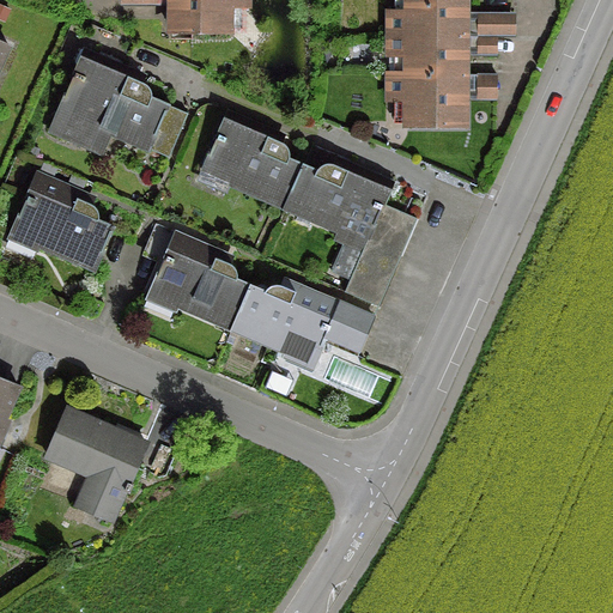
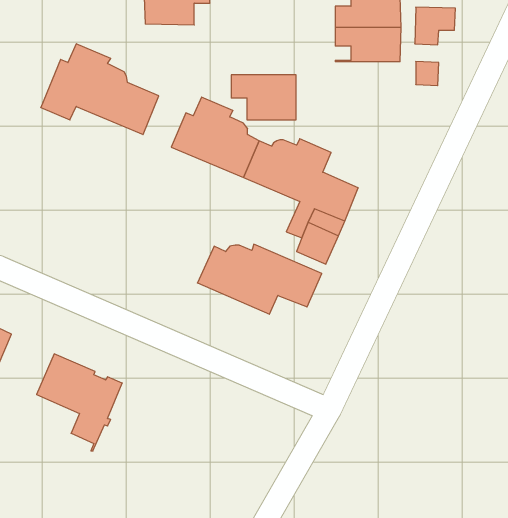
building: [388,74,462,126] -> [231,75,296,120]
building: [10,172,111,269] -> none
building: [144,224,249,328] -> none

